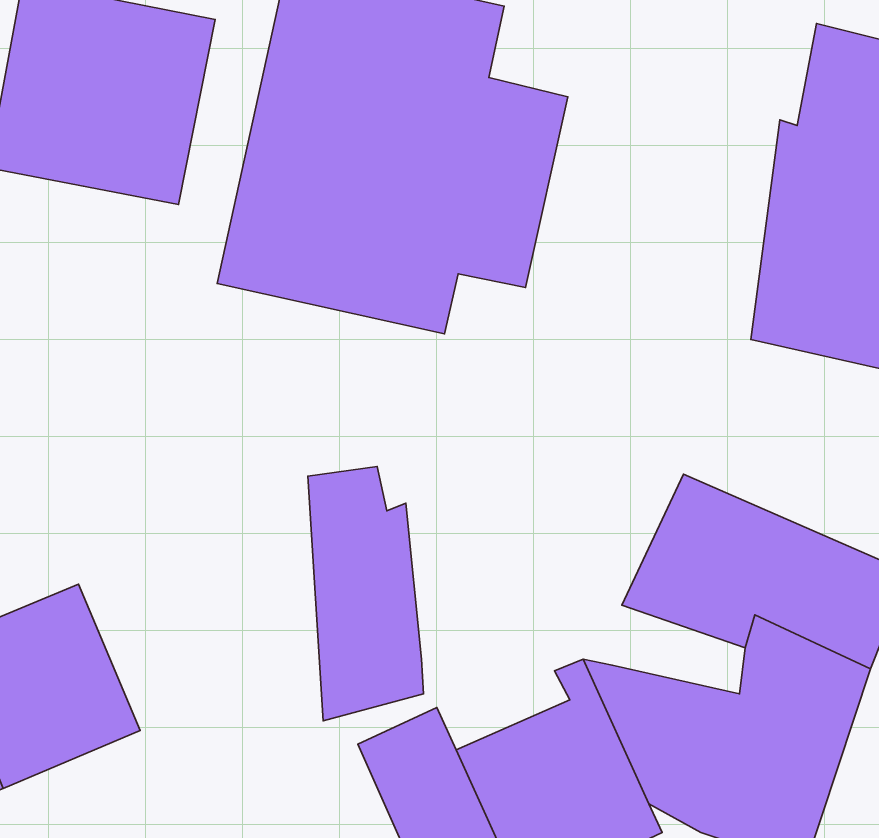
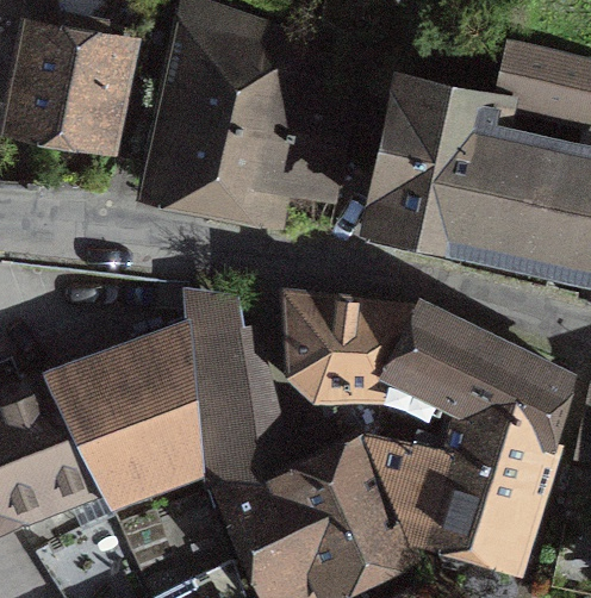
building: none -> [368,74,486,268]
building: none -> [292,305,427,443]
building: none -> [46,323,204,507]

